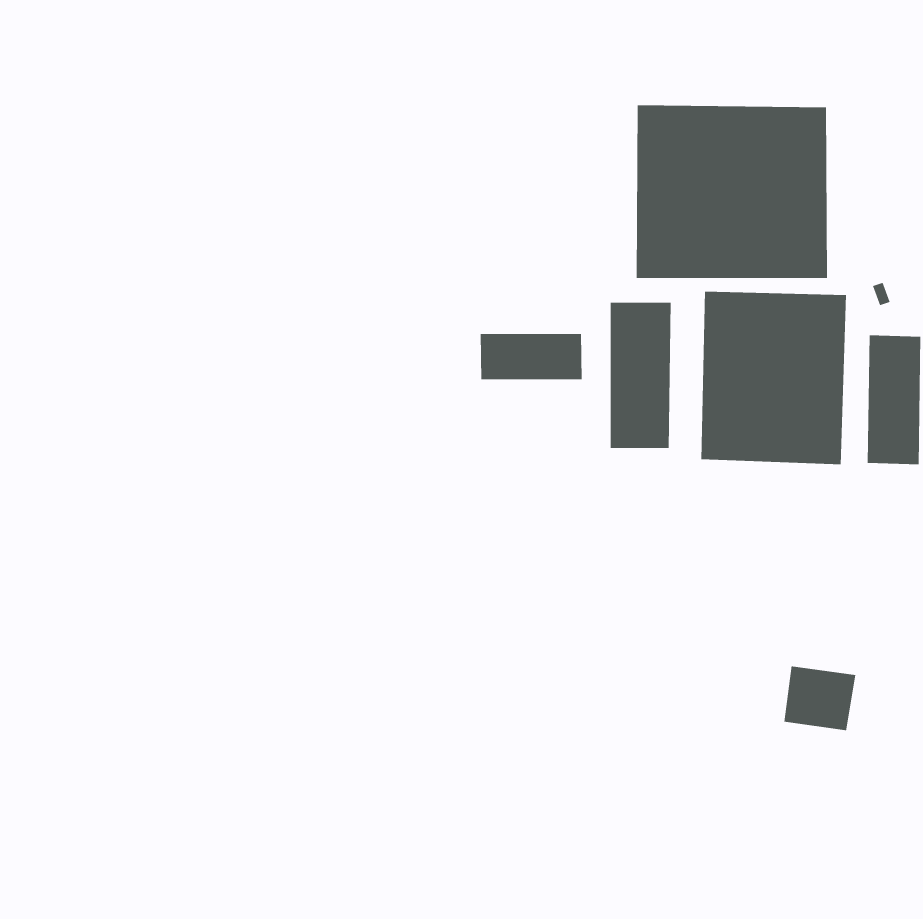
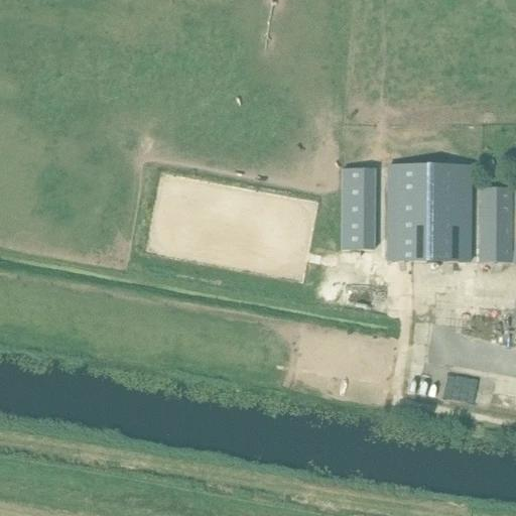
building: [636,105,827,279] -> none
building: [480,333,582,380] -> none

